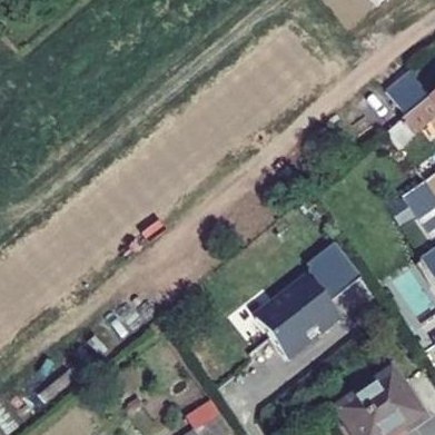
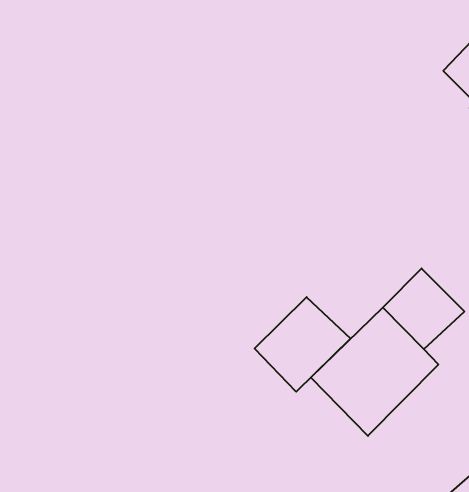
building: none -> [255,297,350,392]

